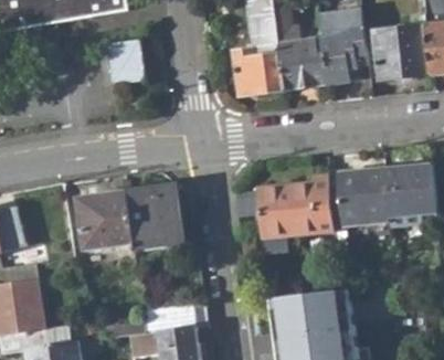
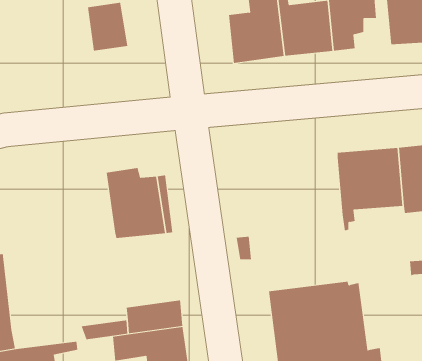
building: [258,178,332,246] -> none
building: [73,191,131,252] -> none

